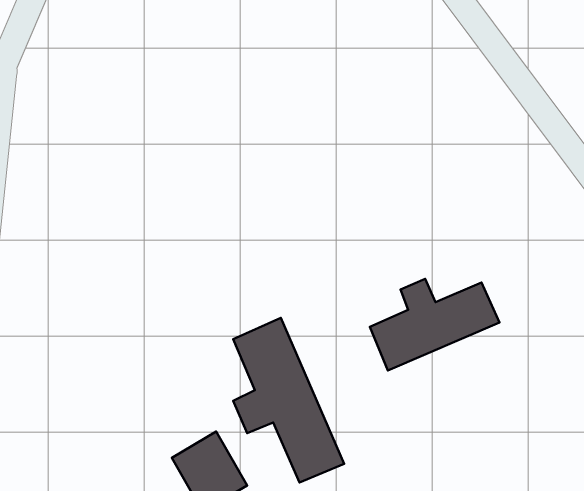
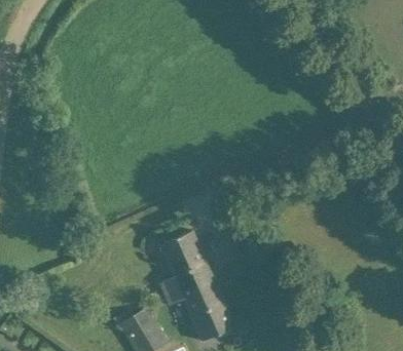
building: [370,279,499,371] -> none

